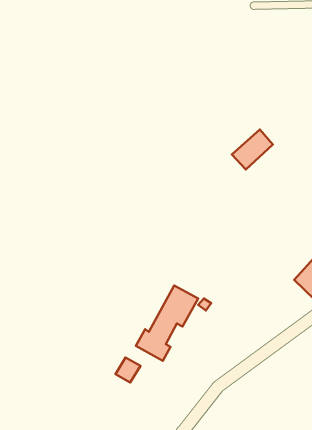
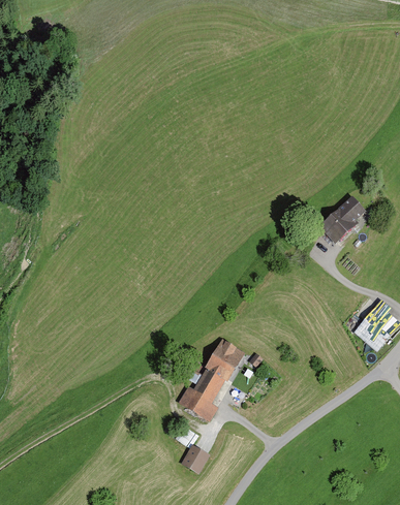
building: [232,129,273,170] -> [320,197,366,242]
building: [115,357,141,383] -> [180,445,208,473]

